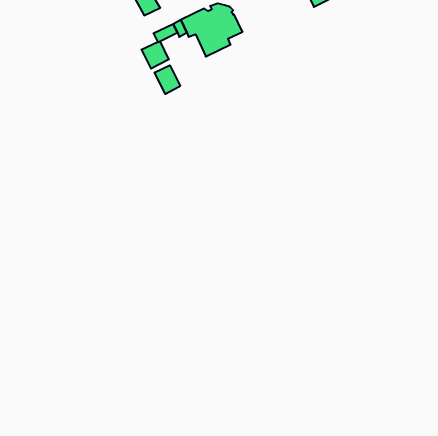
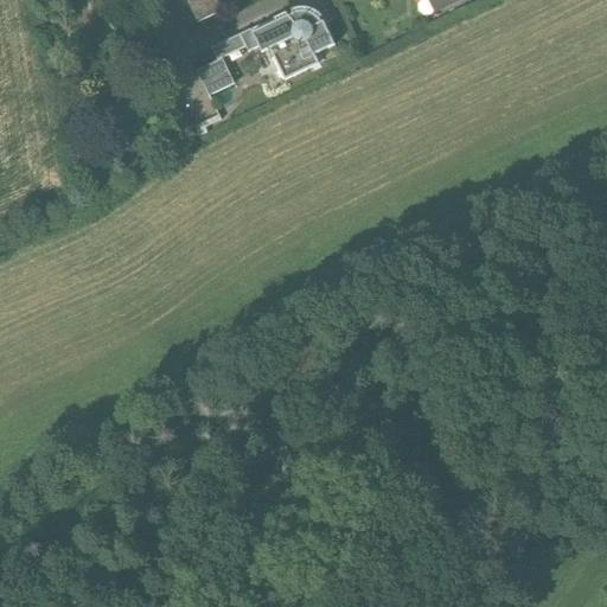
building: [155,65,180,94] -> none

